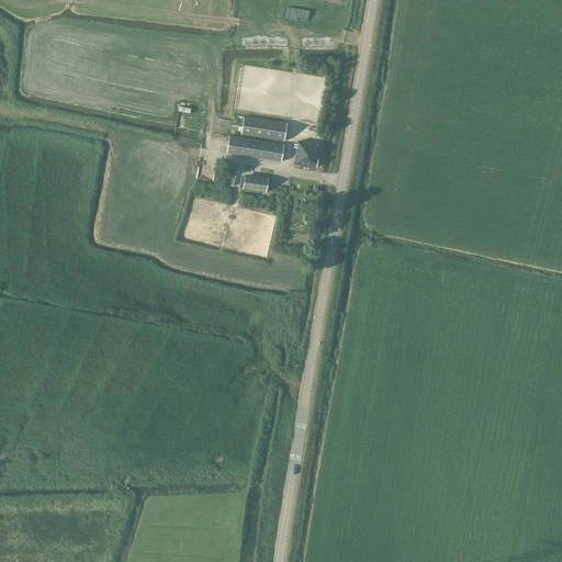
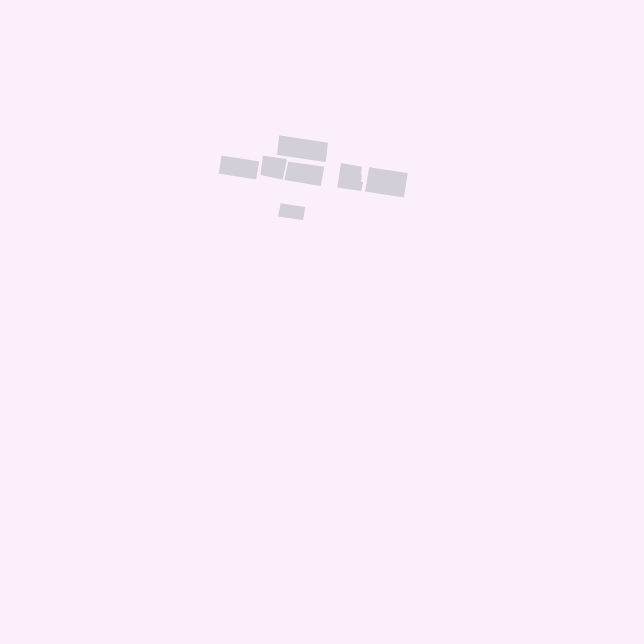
building: none -> [218,155,260,180]
building: none -> [365,166,408,198]

